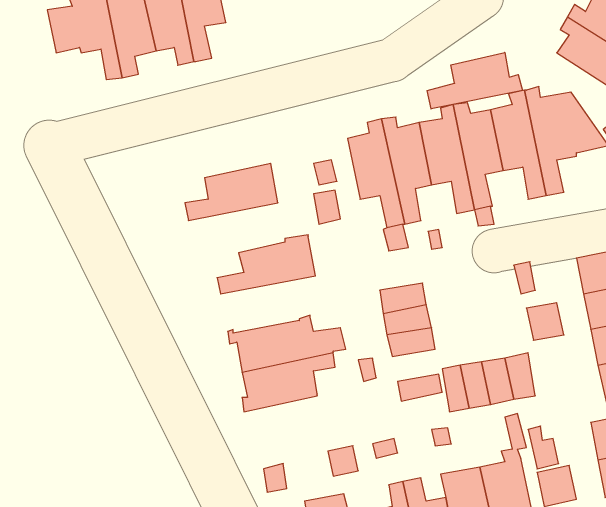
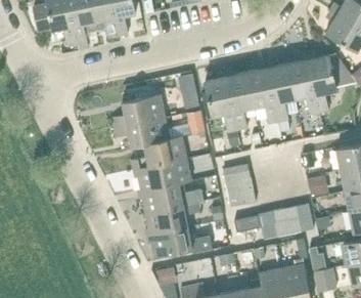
building: [427,52,523,109] -> none
building: none -> [115,118,170,150]
building: none -> [133,160,190,193]
building: none -> [146,228,212,258]

